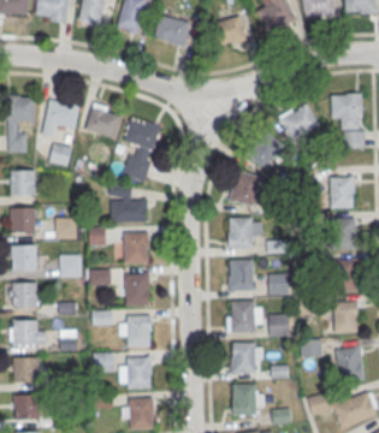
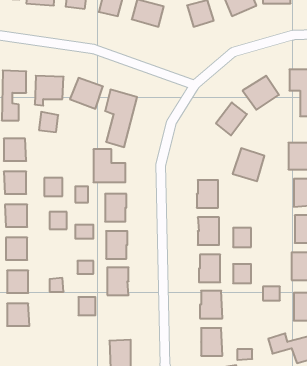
building: [230,170,266,207] -> [233,148,264,181]
building: [126,358,152,390] -> none
building: [14,395,40,420] -> none

